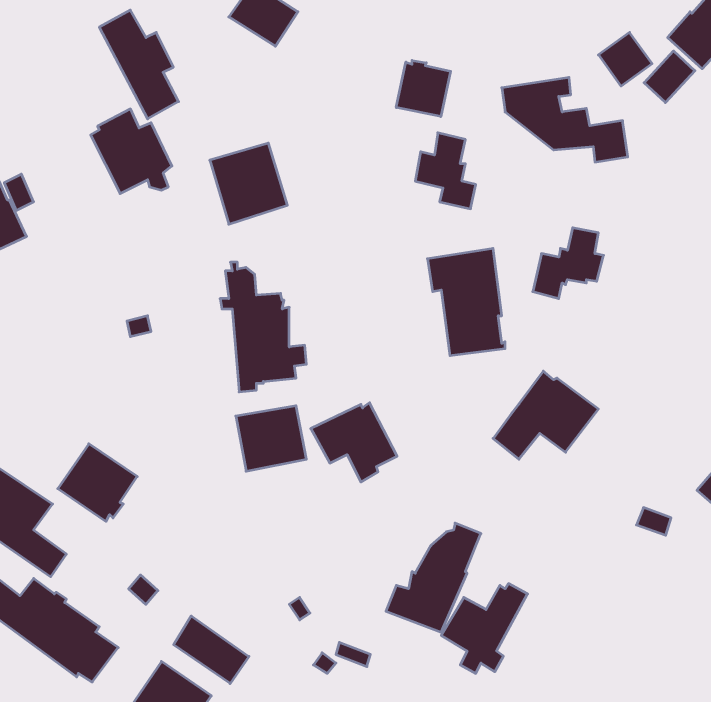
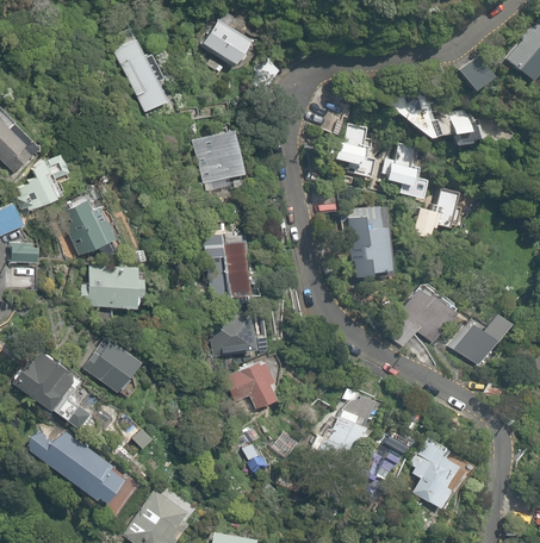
building: [644,51,695,103] -> none
building: [396,60,451,117] -> none
building: [91,109,172,194] -> [60,198,116,256]
building: none -> [383,144,423,198]
building: none -> [82,264,143,308]
building: [311,403,397,482] -> [224,360,284,414]
building: none -> [452,311,504,367]
building: none -> [408,441,460,508]
building: [174,616,249,684] -> none

